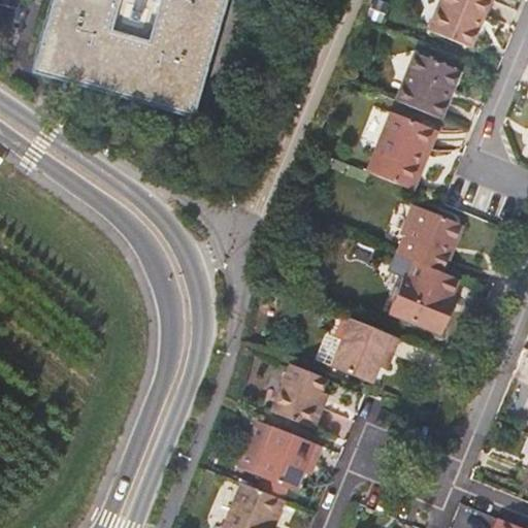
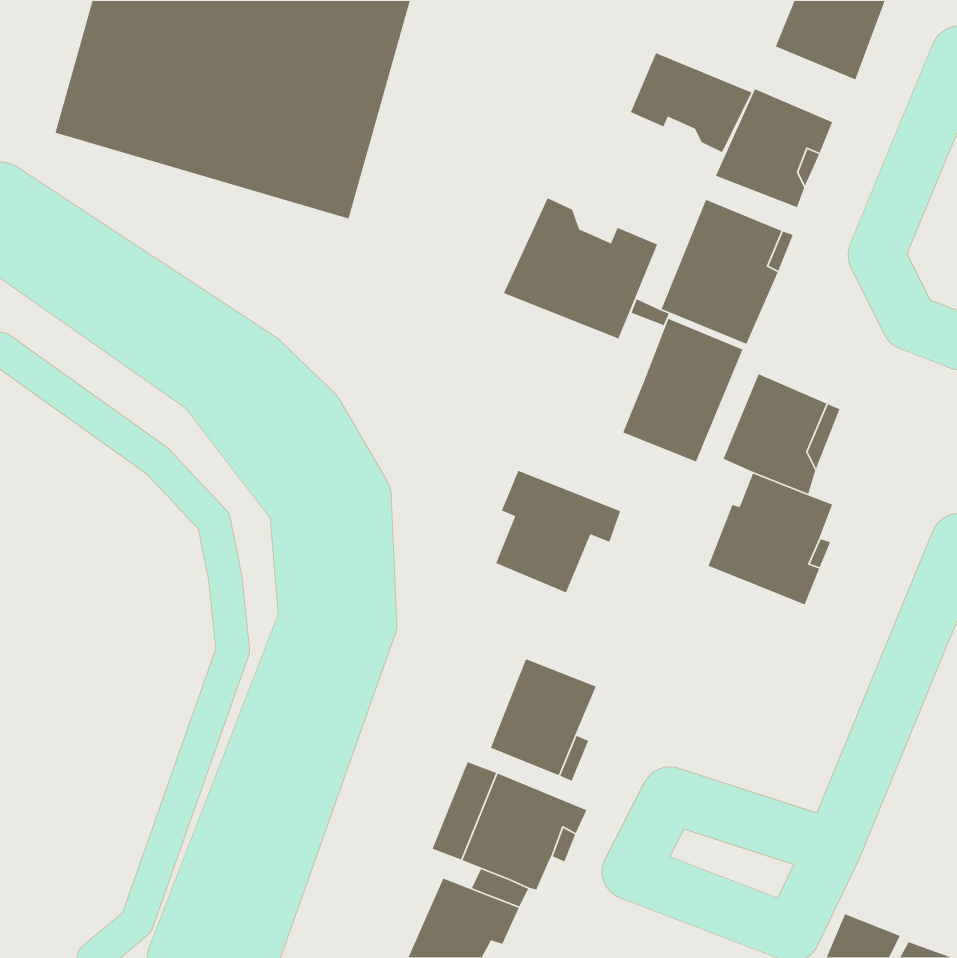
building: none -> [630,52,752,153]
building: none -> [503,197,658,339]
building: none -> [622,318,743,463]
building: [332,315,401,383] -> [495,470,621,593]

